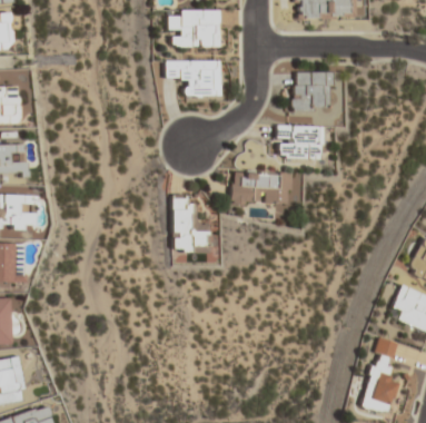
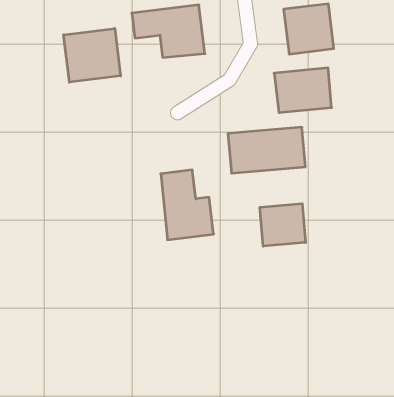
building: none -> [64,28,121,82]
building: none -> [260,204,306,246]

